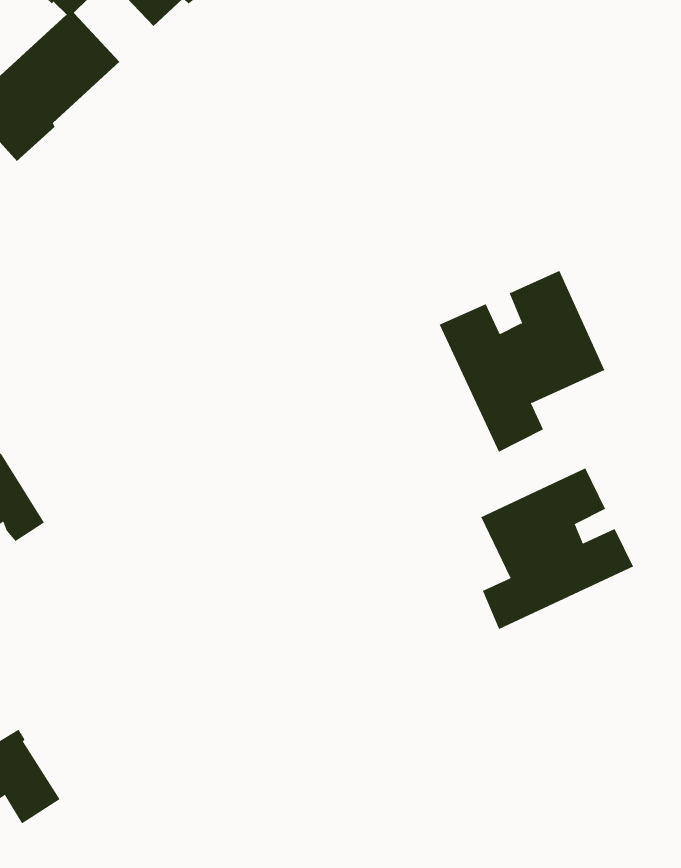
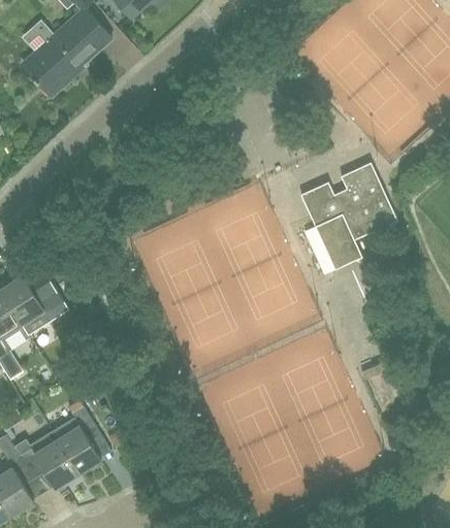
building: [481,467,634,630] -> none
building: none -> [52,406,99,474]

